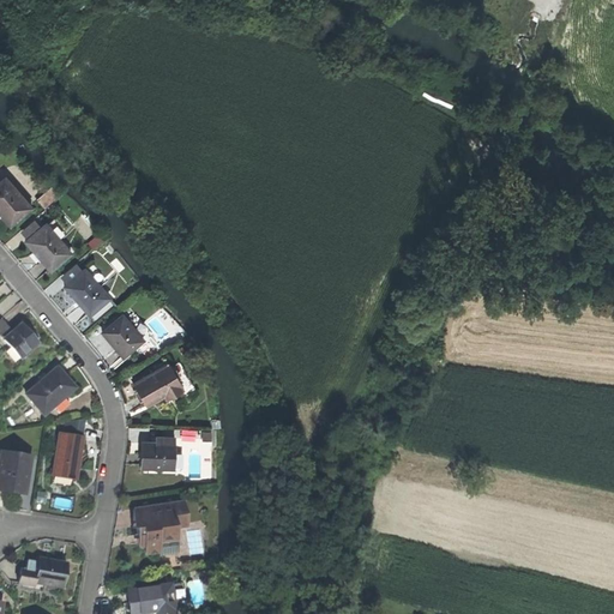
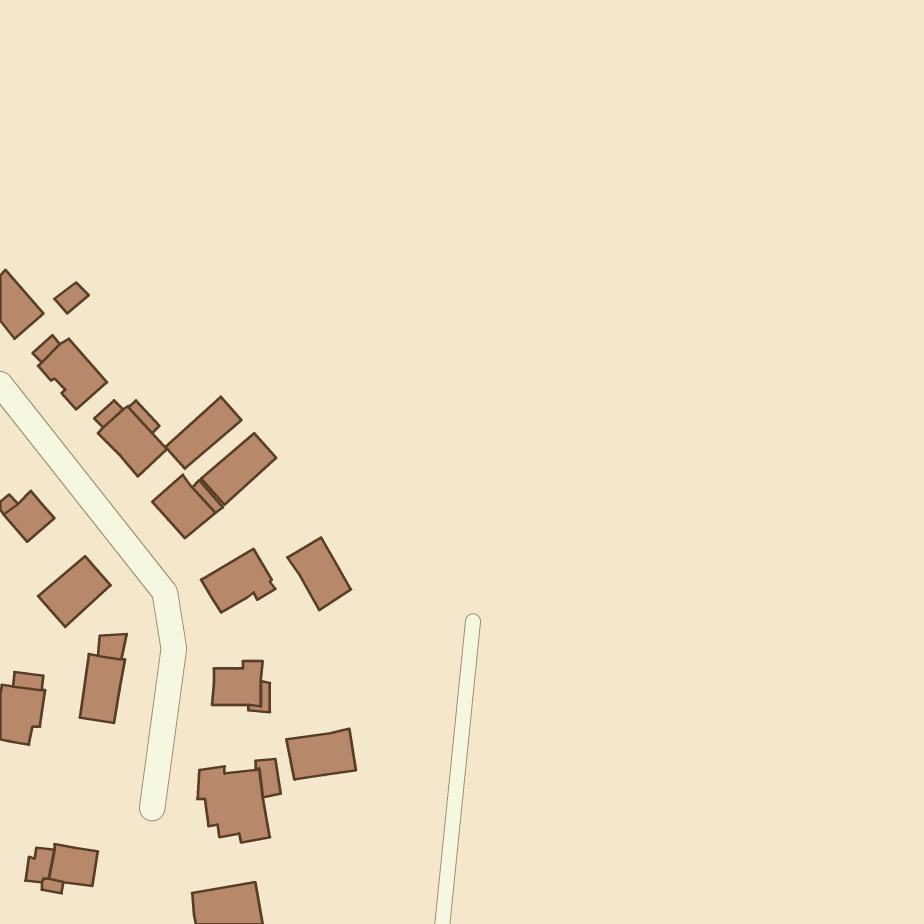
building: none -> [165,397,241,469]
building: none -> [201,433,276,505]
building: none -> [287,538,351,610]
building: none -> [286,729,356,780]

